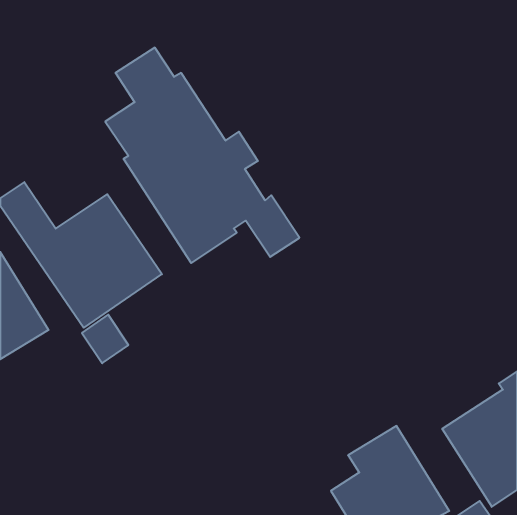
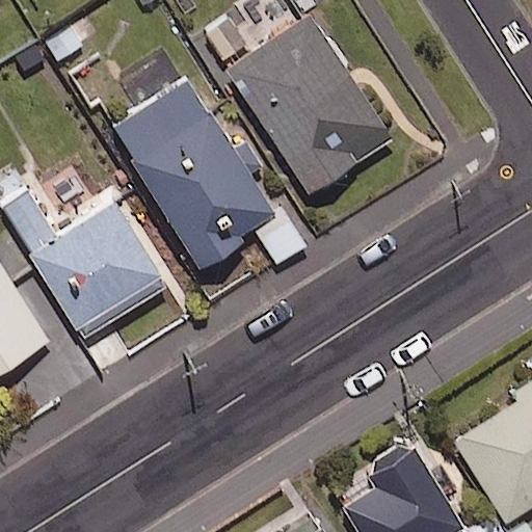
building: none -> [225,16,391,195]

